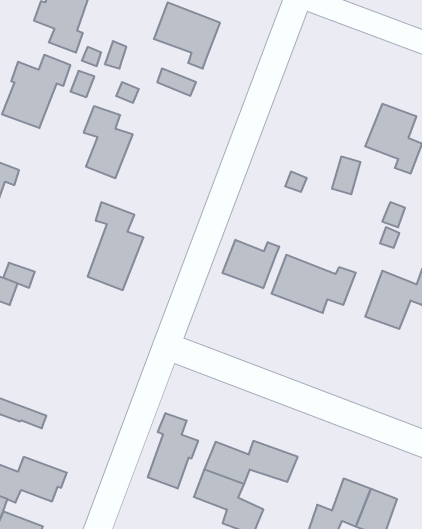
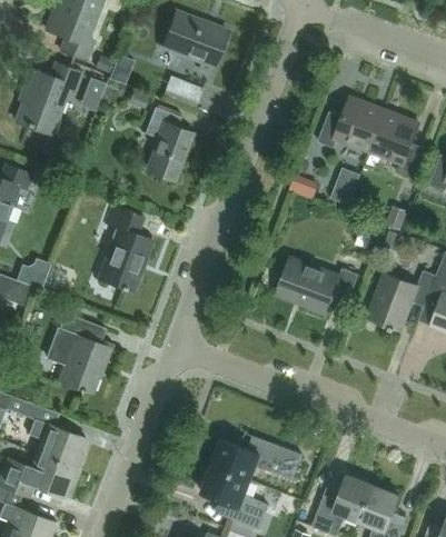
building: none -> [318,97,385,151]
building: [84,106,133,178] -> [145,108,192,178]
building: [223,240,279,288] -> none
building: none -> [47,312,111,394]
building: [148,413,198,489] -> none
building: none -> [27,418,86,469]

